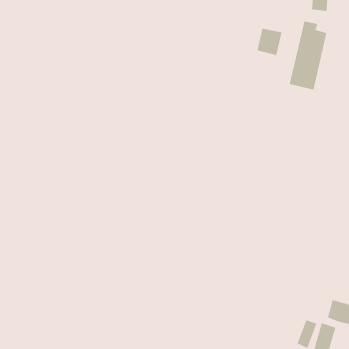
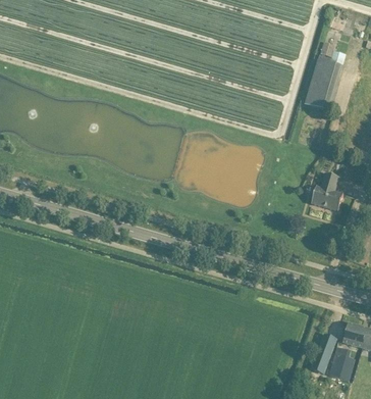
building: [257,28,282,56] -> none
building: none -> [311,173,342,211]

